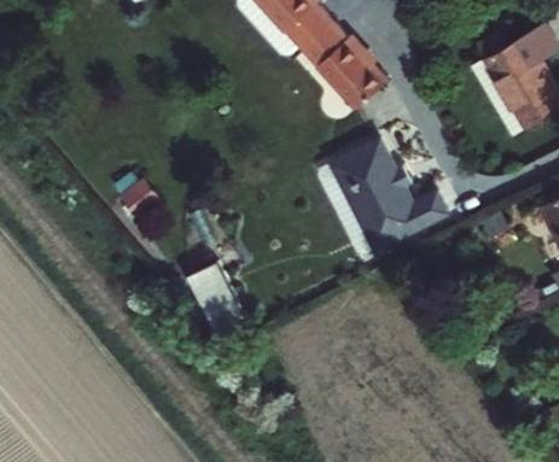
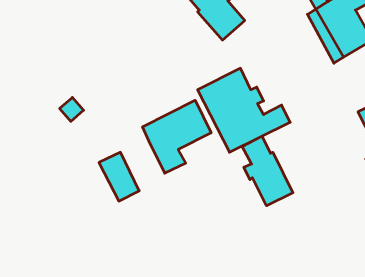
building: none -> [143,100,211,173]
building: none -> [242,136,293,206]

